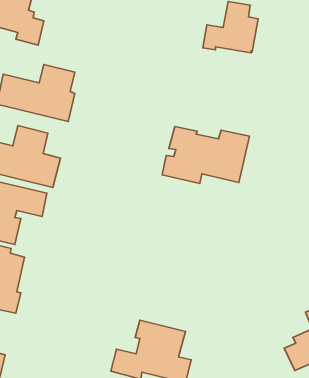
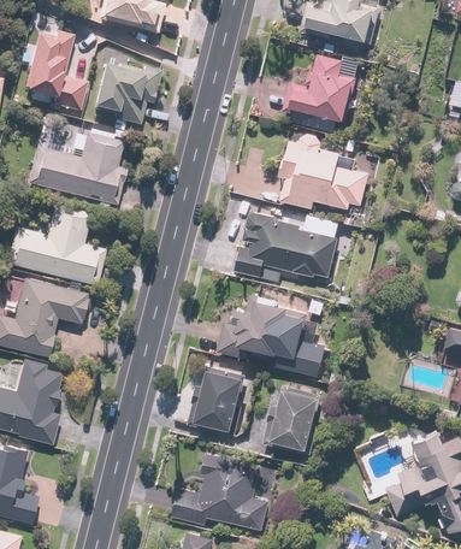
building: none -> [95,63,161,125]
building: none -> [279,141,371,211]
building: none -> [219,297,330,378]
building: none -> [189,366,246,432]
building: none -> [265,383,323,456]

